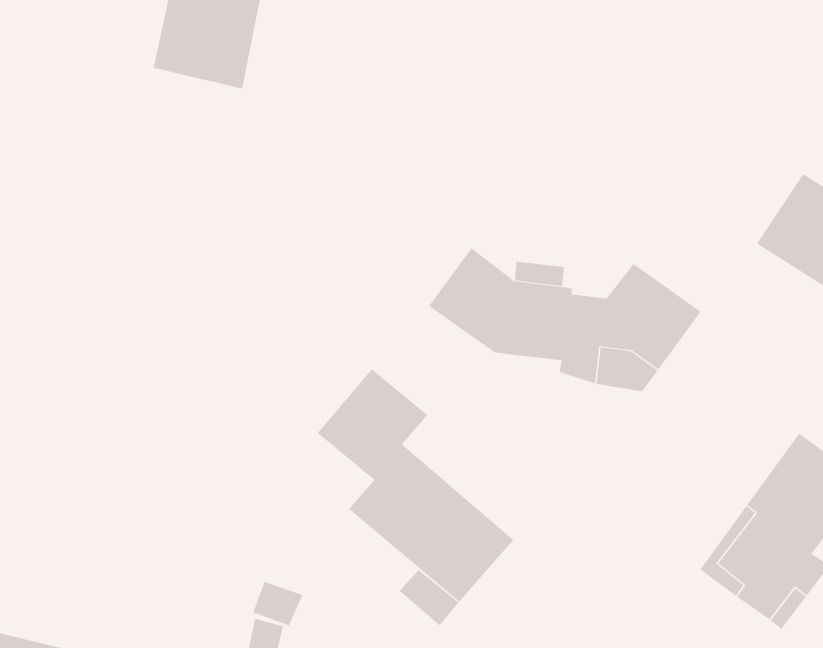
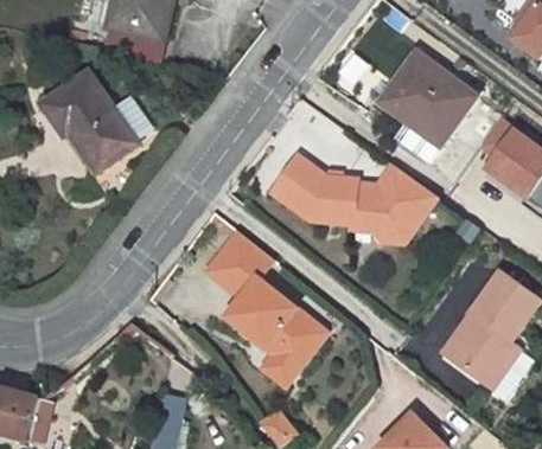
building: none -> [382,53,480,163]
building: none -> [42,72,152,172]

